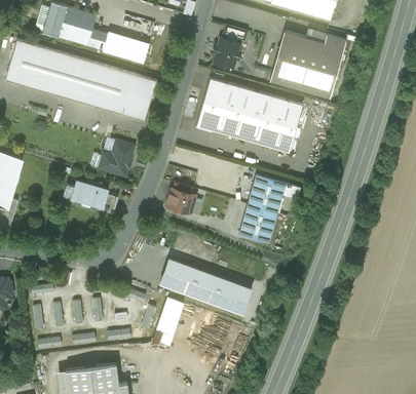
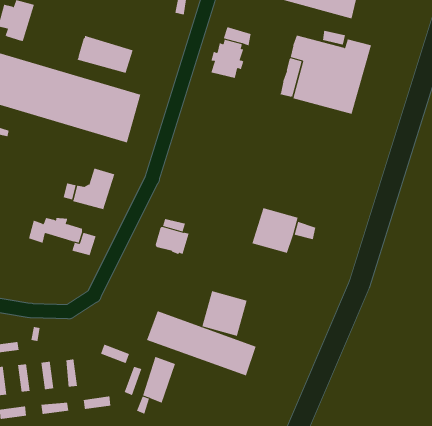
building: [58,7,108,50] -> none
building: [196,78,302,152] -> none
building: [238,204,276,242] -> [201,290,247,336]

